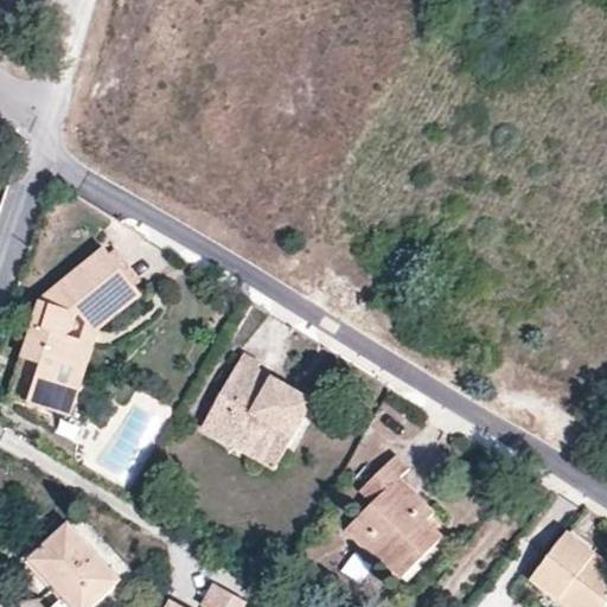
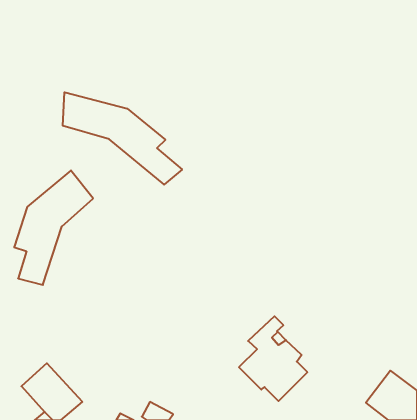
building: none -> [63,92,182,185]
building: [62,286,141,414] -> none
building: [200,356,313,468] -> none

